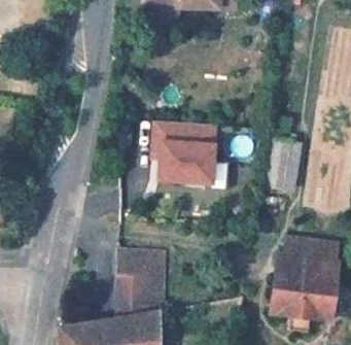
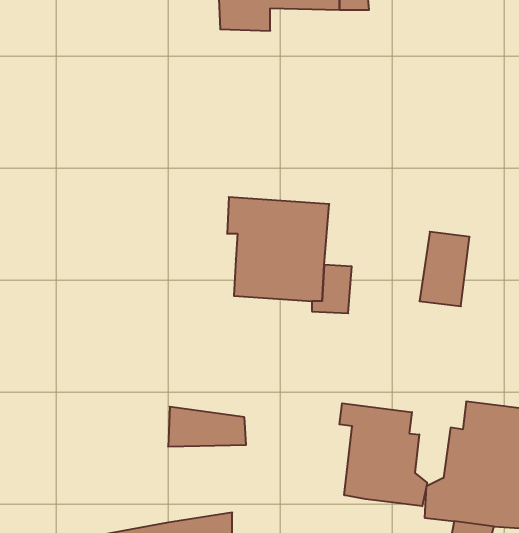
building: none -> [339,403,427,506]
building: [116,268,164,314] -> none

